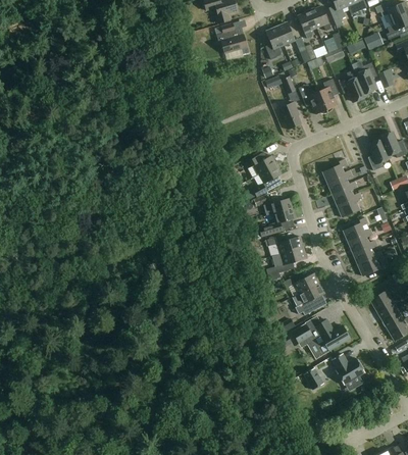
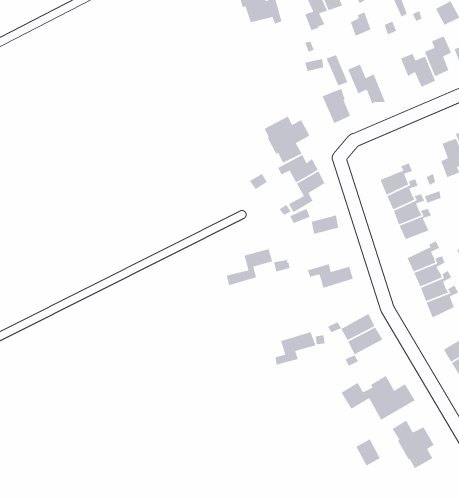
building: [318,79,339,113] -> none
building: none -> [264,115,310,164]
building: [259,208,295,237] -> [226,248,273,286]
building: [275,247,307,273] -> [275,331,316,366]

